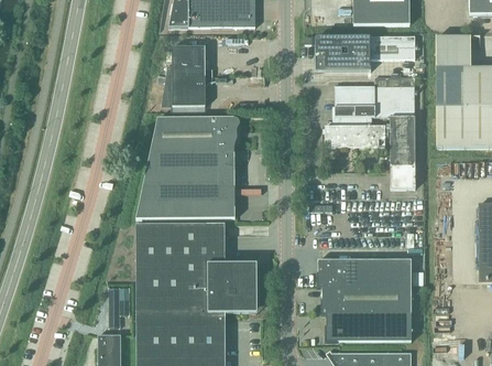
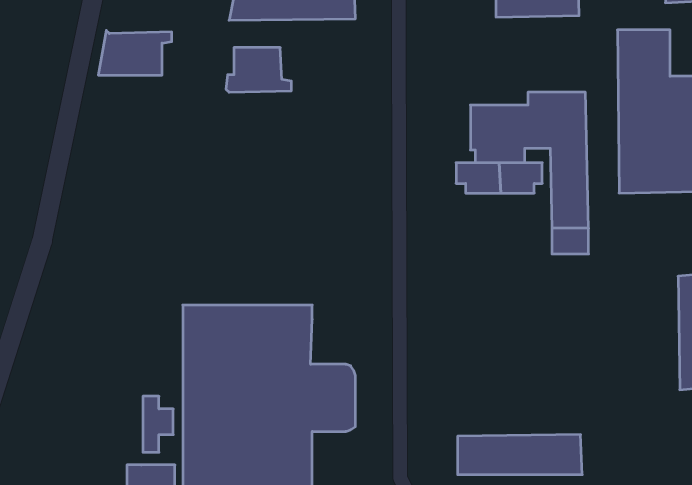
building: [315,36,415,71] -> none
building: [161,75,211,106] -> [98,30,172,75]
building: [136,117,240,218] -> none
building: [318,259,411,314] -> none

